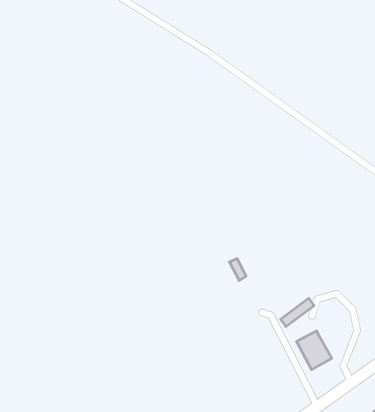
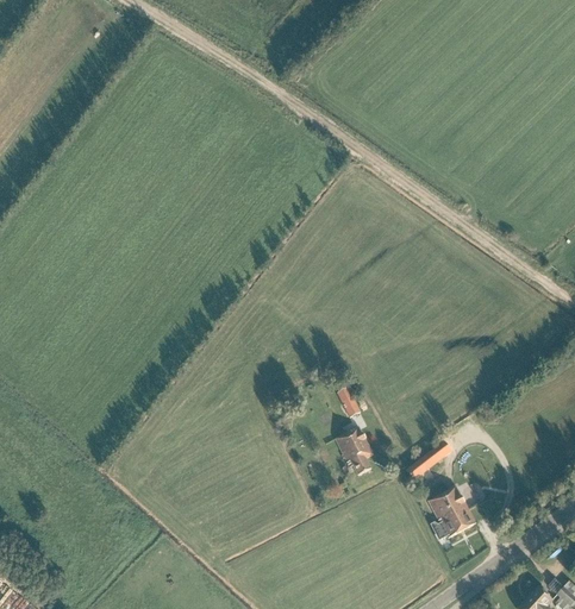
building: none -> [335,427,373,476]

